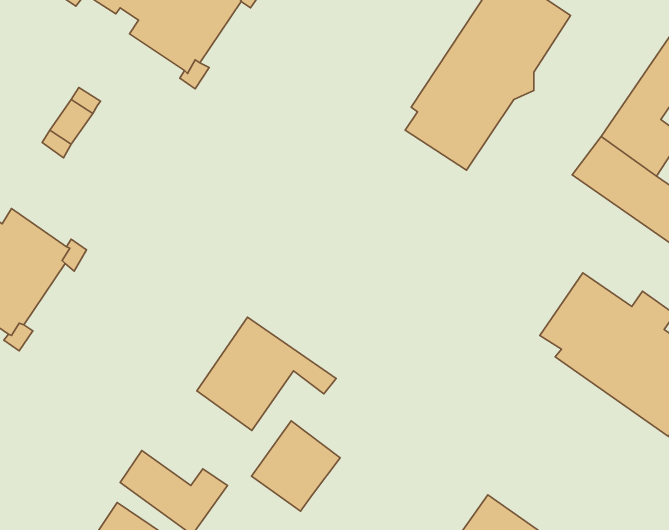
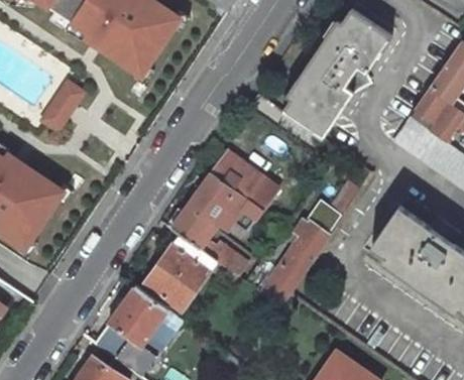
building: none -> [167,150,279,274]
building: none -> [257,194,351,304]
building: [251,421,340,511] -> [109,285,167,345]

